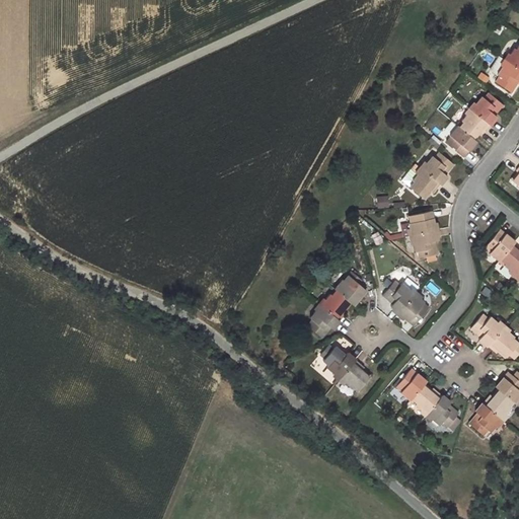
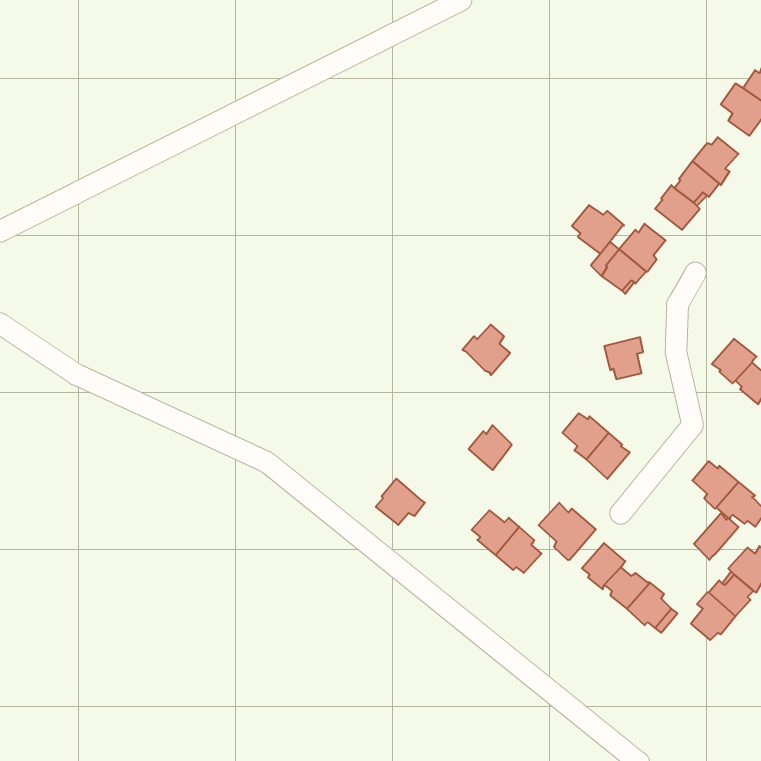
building: none -> [572,205,624,254]
building: [409,212,436,236] -> none
building: [333,272,366,306] -> [462,324,510,375]
building: [305,306,339,338] -> [376,479,425,525]
building: none -> [539,503,596,560]
building: none -> [694,513,739,560]

